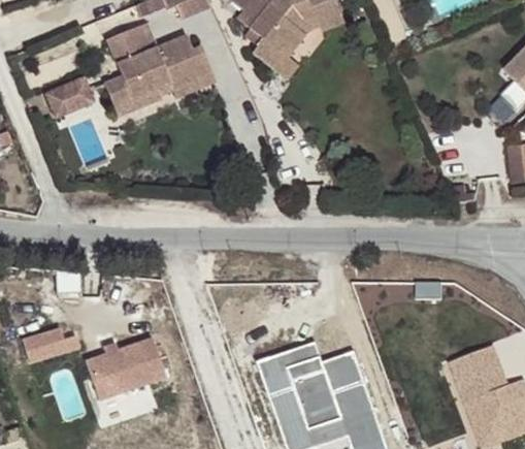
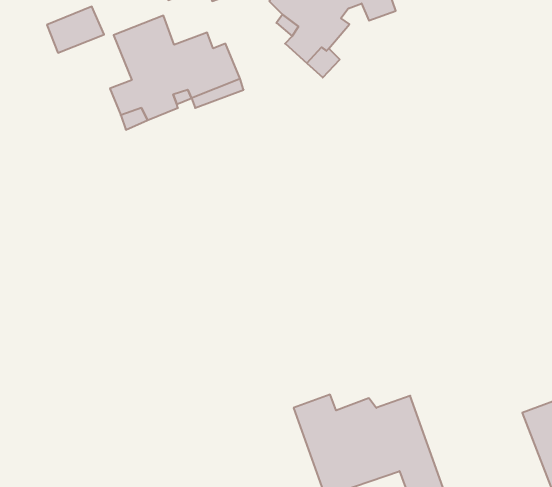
building: [38,79,87,119] -> [47,7,104,53]
building: [27,319,80,359] -> none
building: [78,339,168,405] -> none

